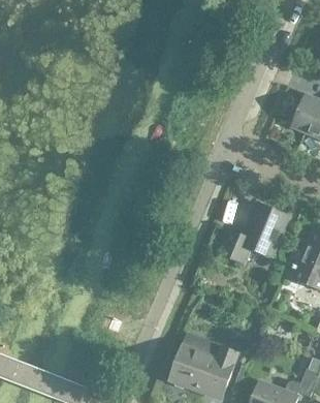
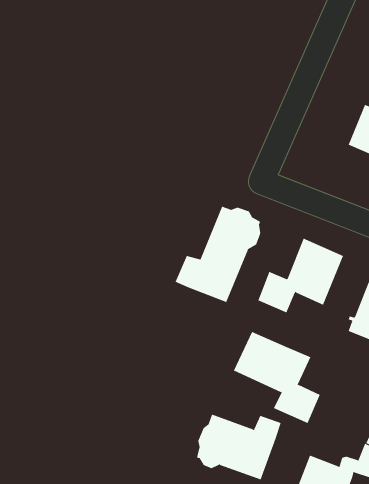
building: none -> [175,206,261,303]
building: none -> [233,331,321,424]

